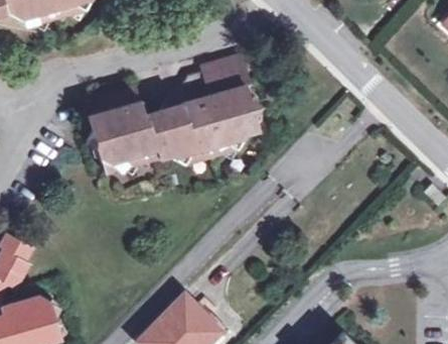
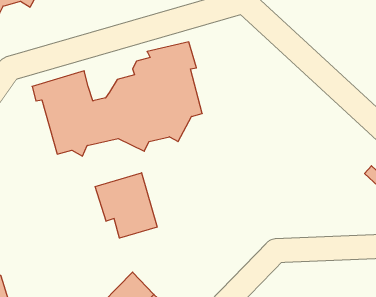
building: none -> [95,173,157,238]

